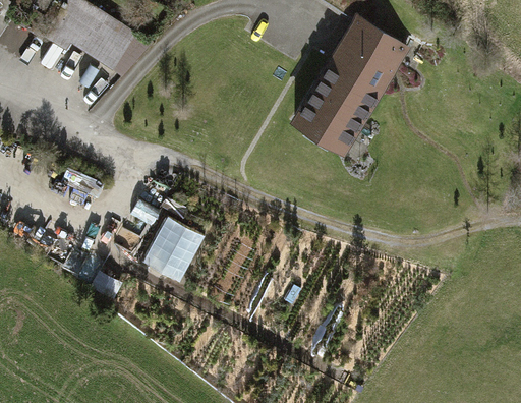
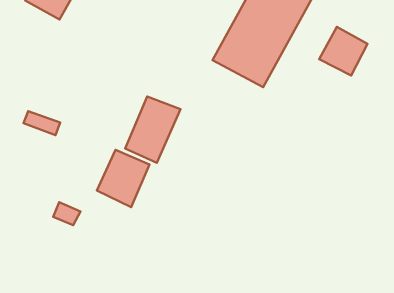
building: none -> [319,27,368,75]
building: none -> [125,97,180,163]

